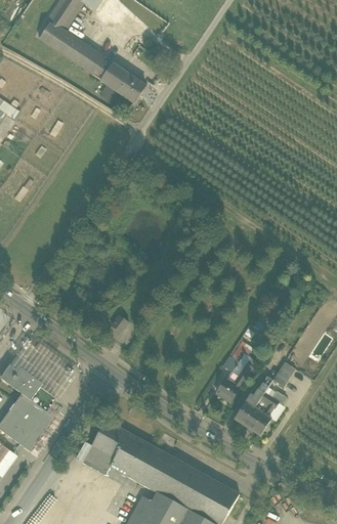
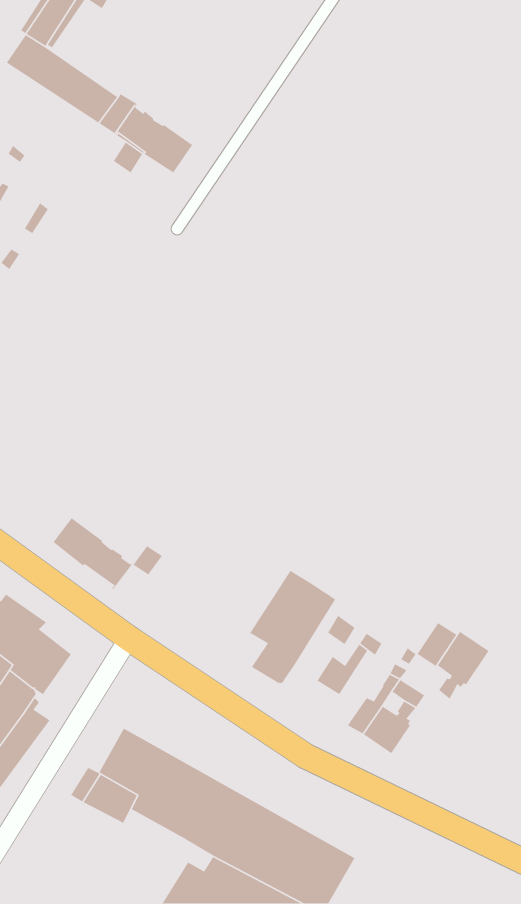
building: none -> [52,517,133,590]
building: none -> [249,570,336,684]
building: none -> [437,631,489,700]

